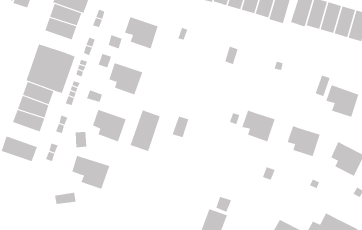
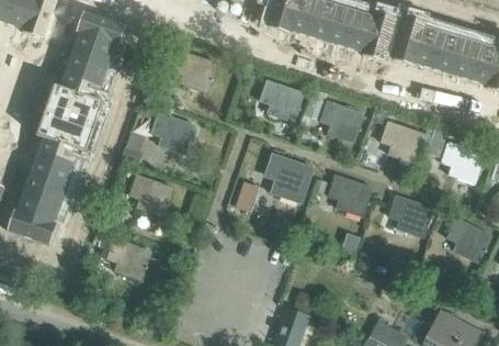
building: none -> [59,68,102,99]
building: none -> [259,79,305,123]
building: none -> [319,100,364,143]
building: none -> [379,121,424,165]
building: none -> [264,153,314,203]
building: [130,110,160,152] -> none
building: none -> [15,191,59,223]

